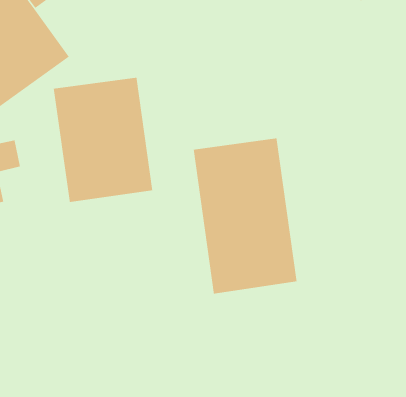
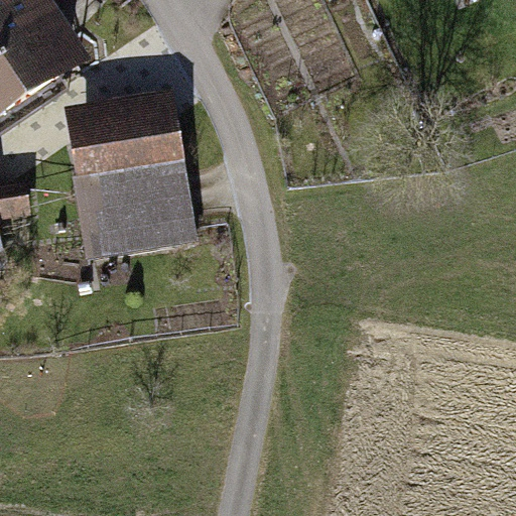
building: [193,138,297,294] -> none

